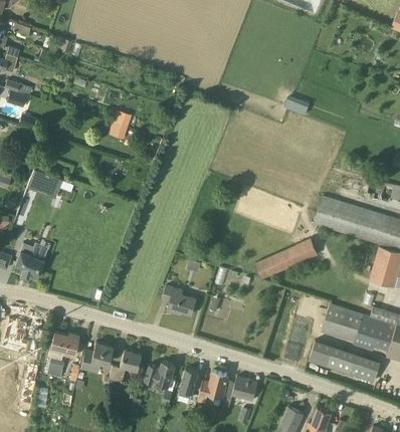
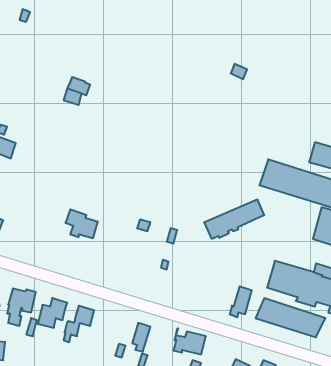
building: [163,284,197,314] -> [65,209,98,238]
building: [146,361,176,387] -> none
building: [198,370,228,402] -> none

